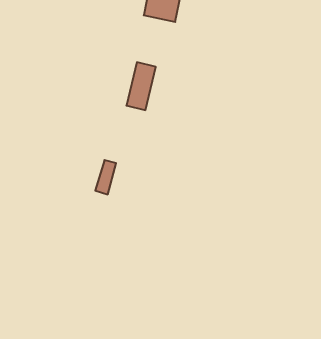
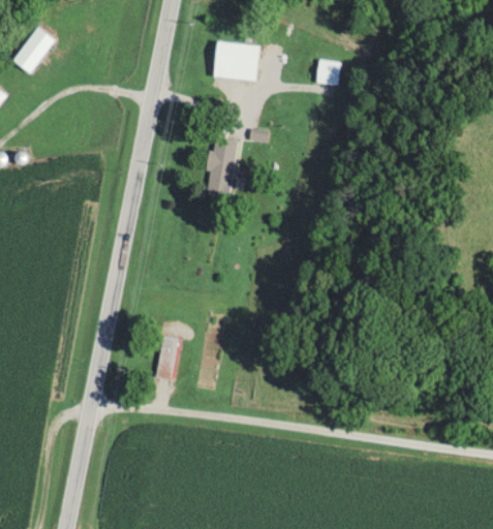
building: none -> [311,61,340,82]
building: [95,160,116,194] -> [156,335,179,378]

